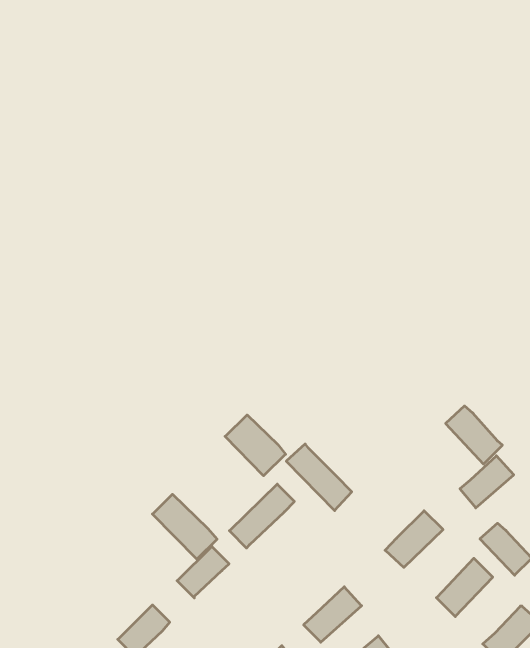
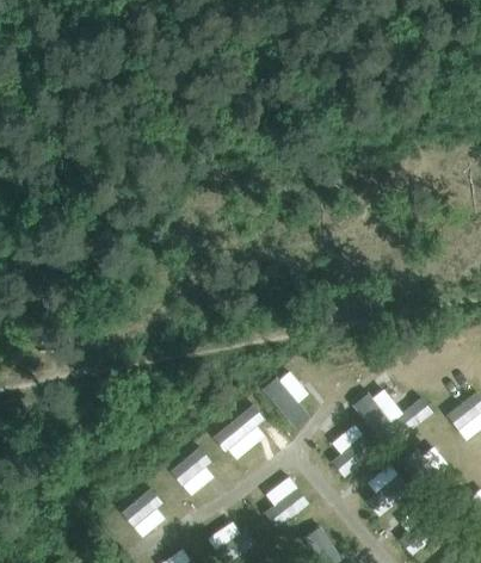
building: [446,406,502,464] -> [352,392,394,438]
building: [225,415,286,476] -> none
building: [152,494,217,559] -> none

